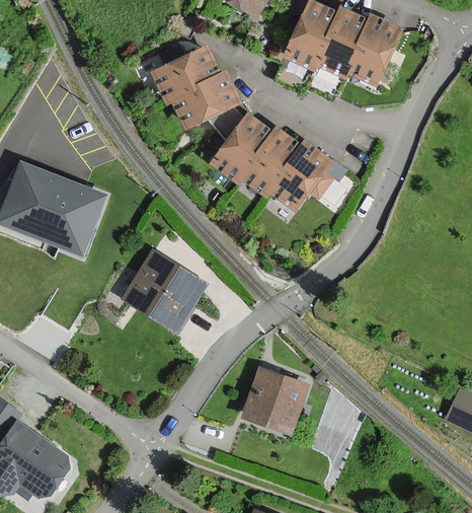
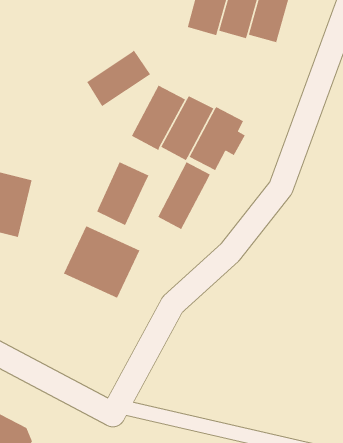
building: [152,44,223,101] -> none
building: none -> [96,161,149,226]
building: none -> [157,161,211,230]
building: [243,367,307,432] -> none

